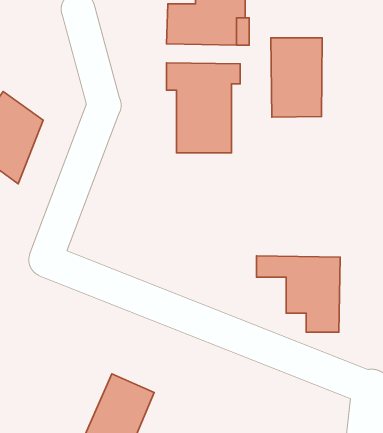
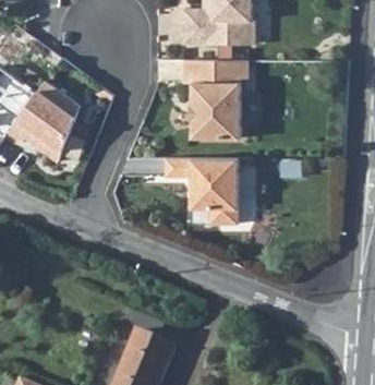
building: [271,38,322,117] -> none
building: [256,256,340,332] -> [166,156,239,222]

